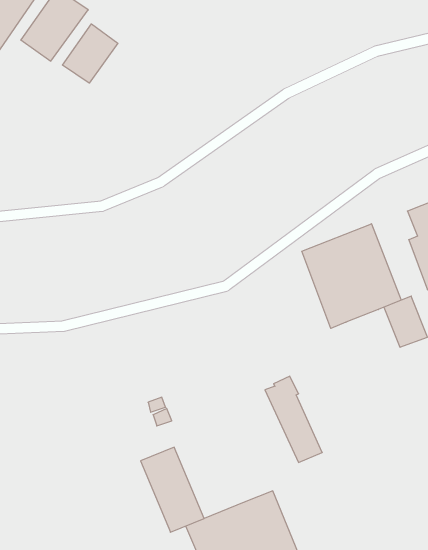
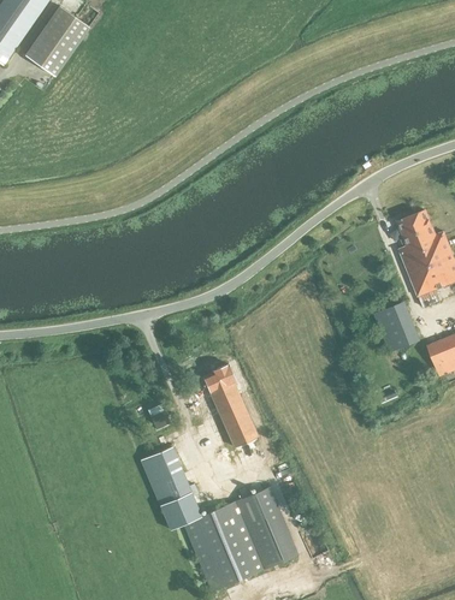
building: [62,24,118,83] -> none
building: [302,224,401,328] -> none
building: [265,376,322,462] -> [202,363,258,446]

